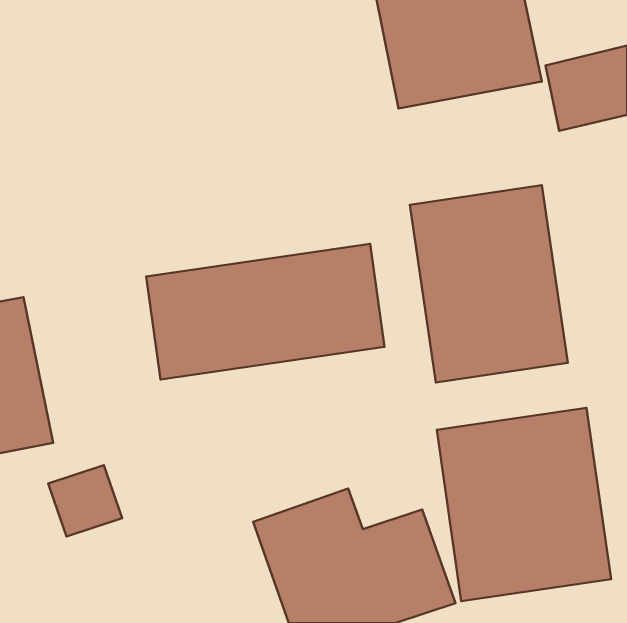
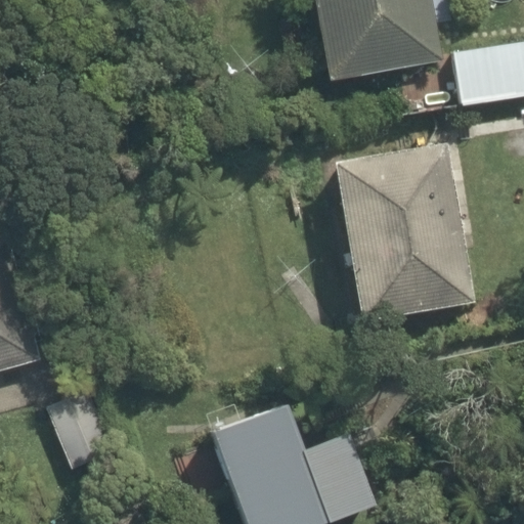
building: [146,244,384,379] -> none
building: [437,408,611,601] -> none

